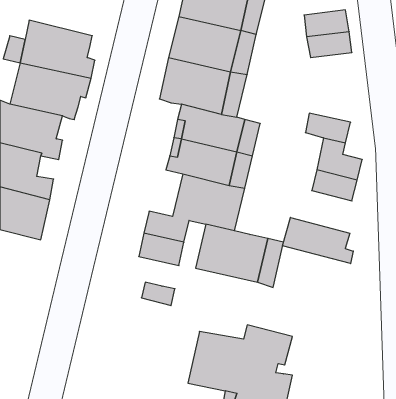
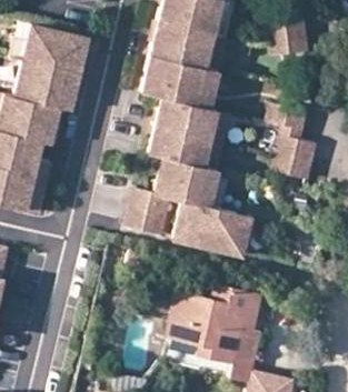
building: [283,217,353,264] -> none

